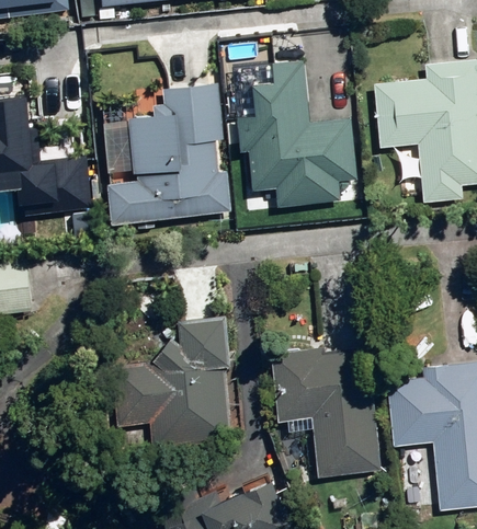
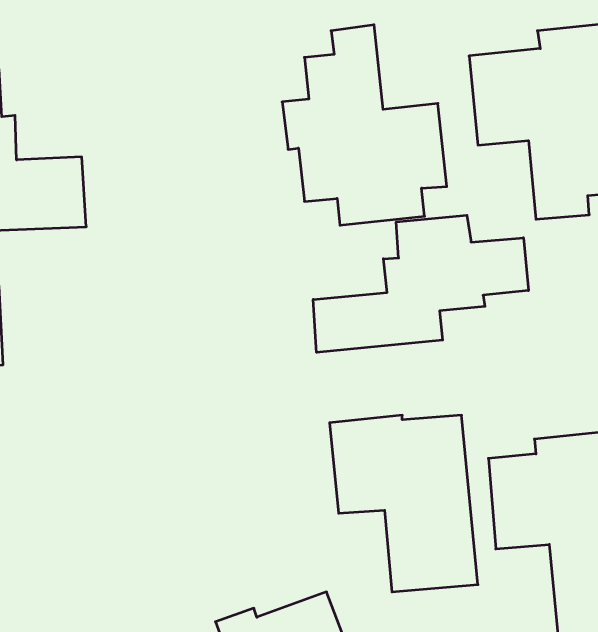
building: [103,84,230,222] -> none
building: none -> [313,215,528,352]
building: [113,317,234,449] -> none

